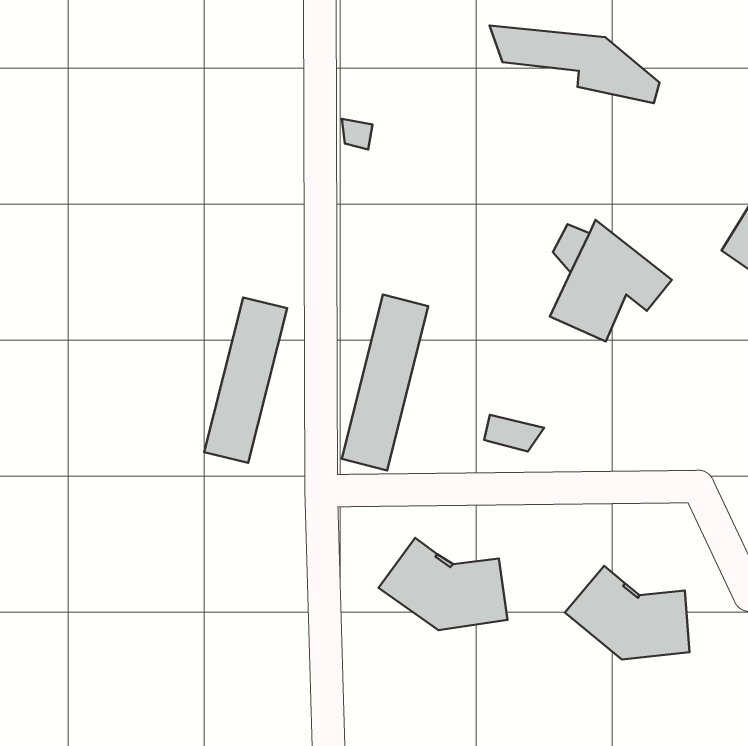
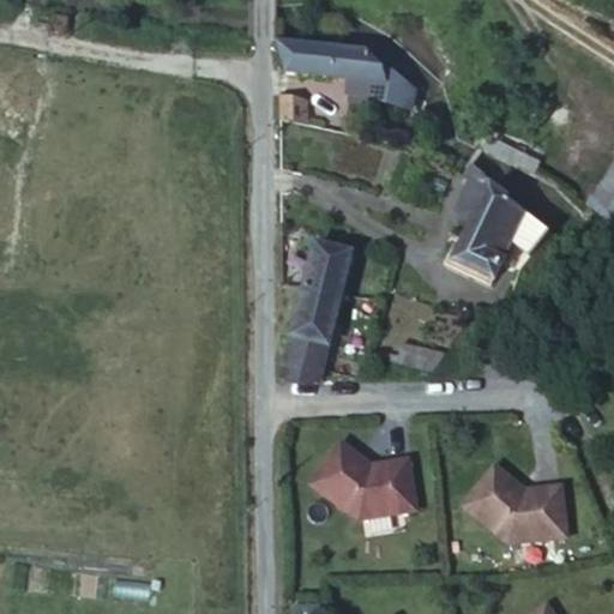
building: [489,25,660,103] -> [276,41,415,104]
building: [204,297,287,463] -> none

